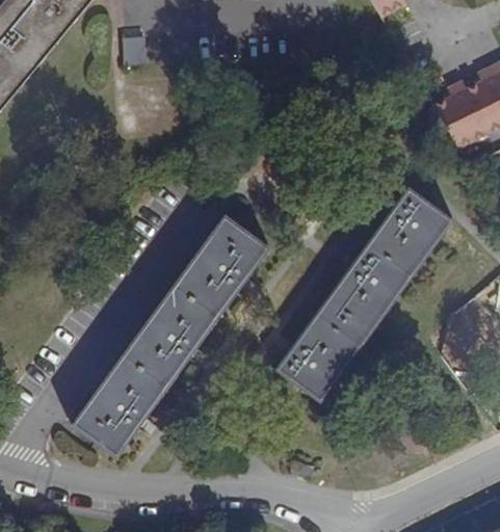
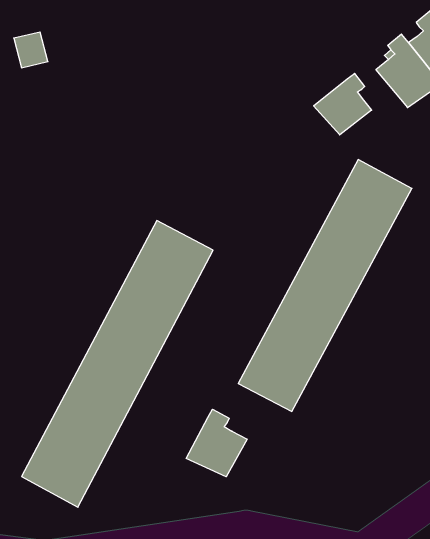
building: none -> [314,73,372,135]
building: none -> [186,409,247,477]

